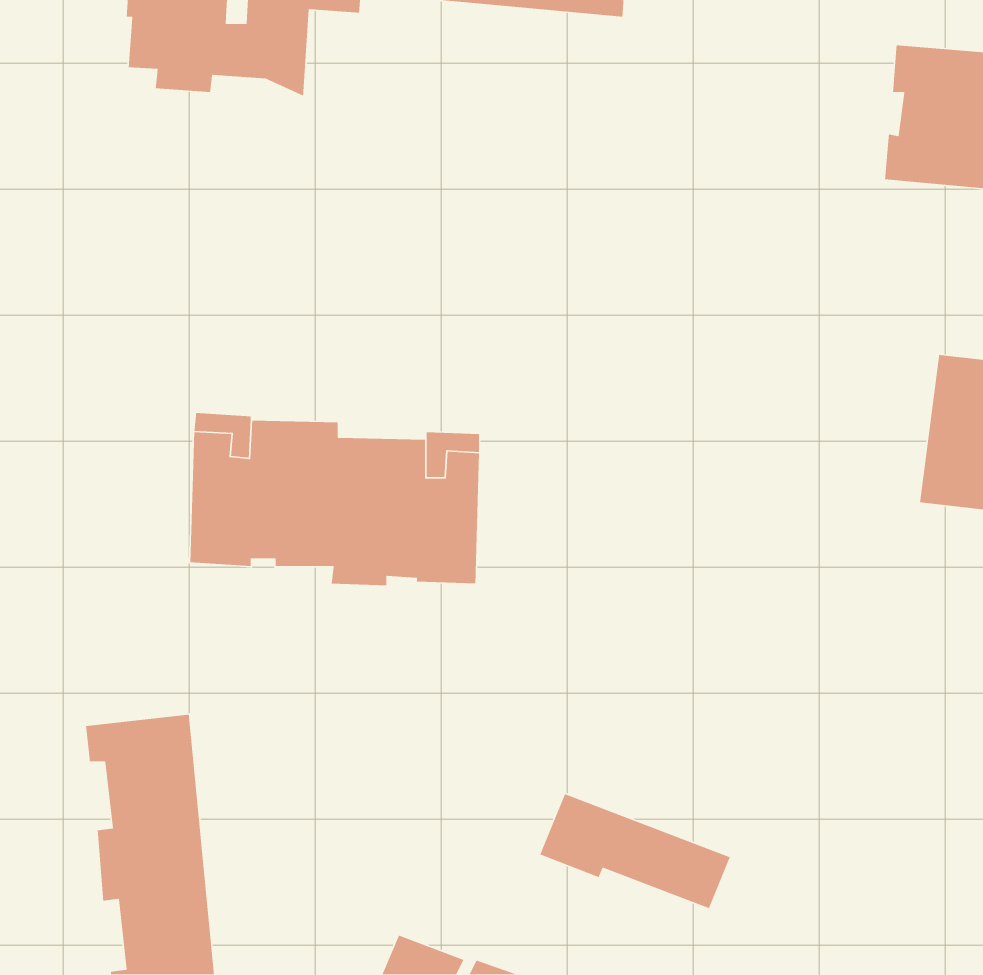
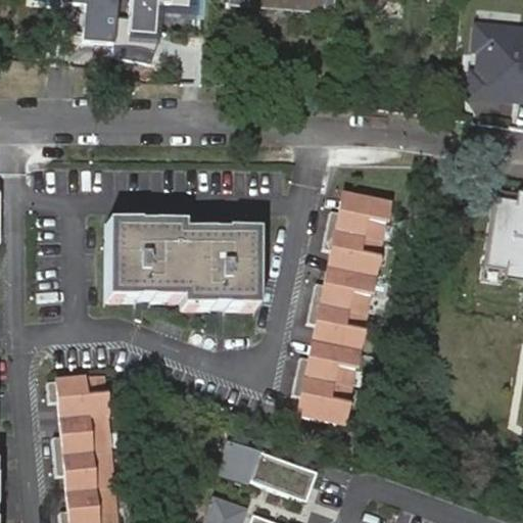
building: none -> [295,195,392,424]
building: [539,793,731,909] -> [217,437,318,498]

